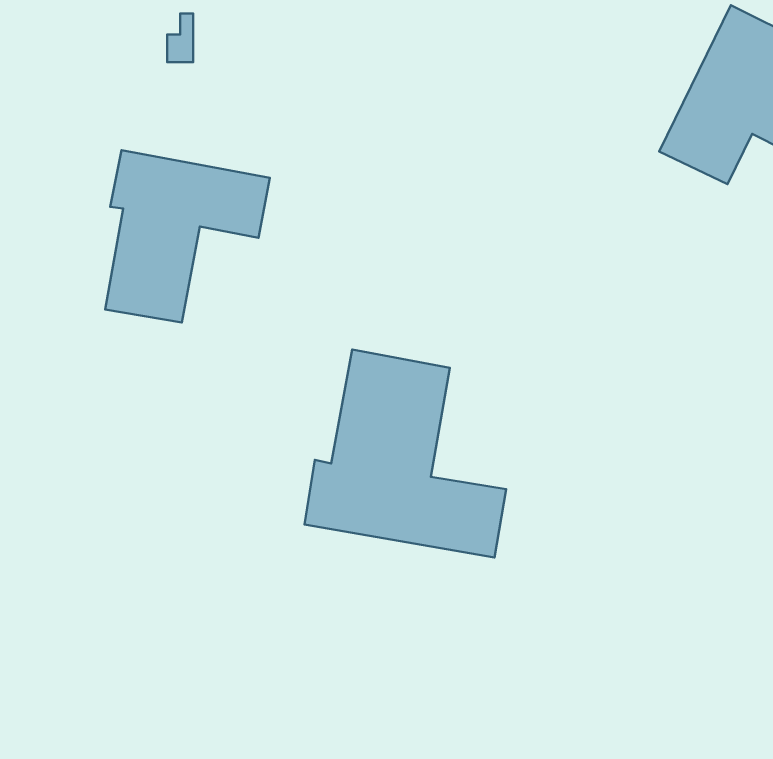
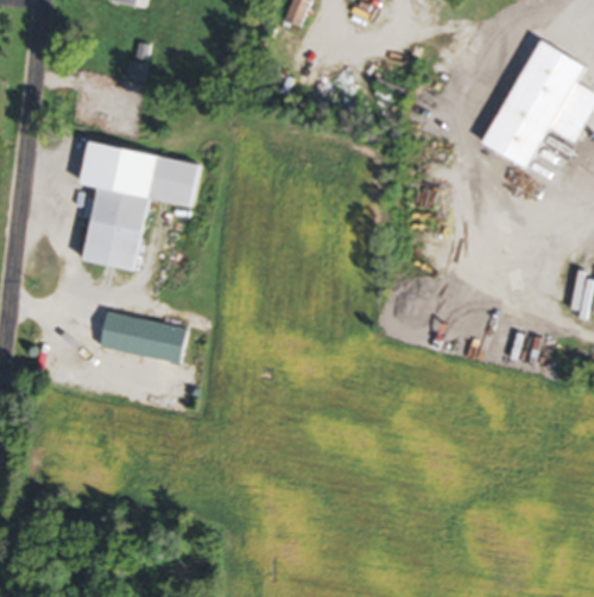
building: [304,350,506,558] -> none
building: none -> [97,312,187,362]

